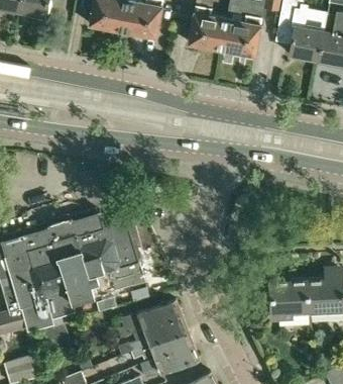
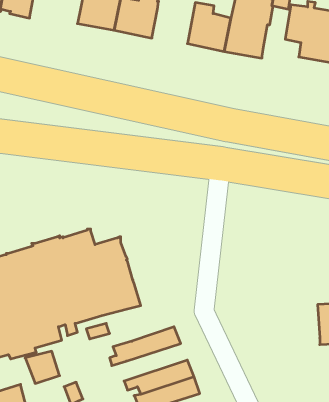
building: [268,281,308,319] -> none
building: [117,316,188,354] -> none

